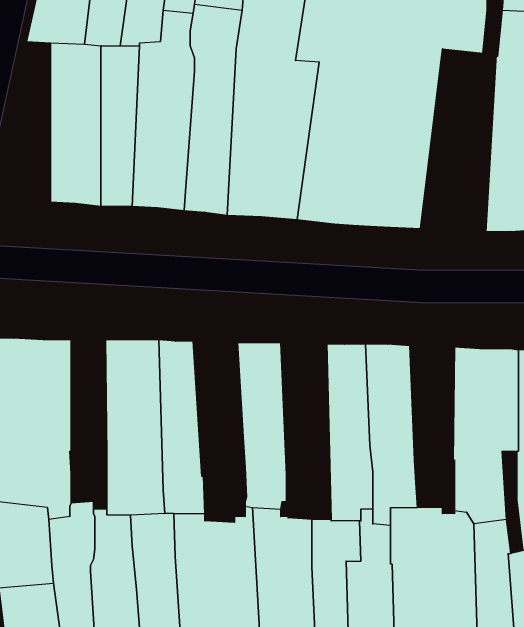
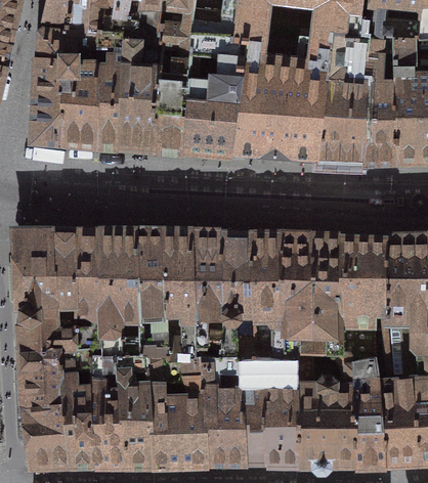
building: none -> [33,32,61,142]
building: none -> [316,37,369,163]
building: none -> [75,237,100,354]
building: none -> [160,238,197,363]
building: none -> [220,239,255,361]
building: none -> [309,242,340,357]

